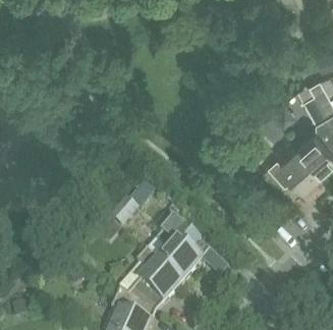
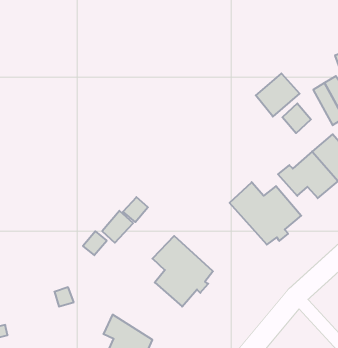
building: none -> [256,73,300,117]
building: none -> [230,182,301,245]
building: [117,253,179,315] -> none

